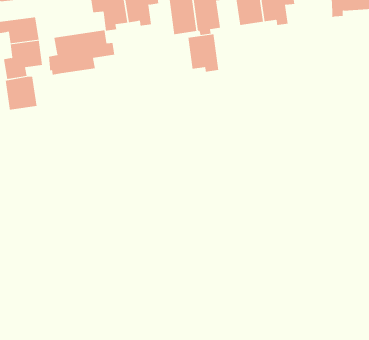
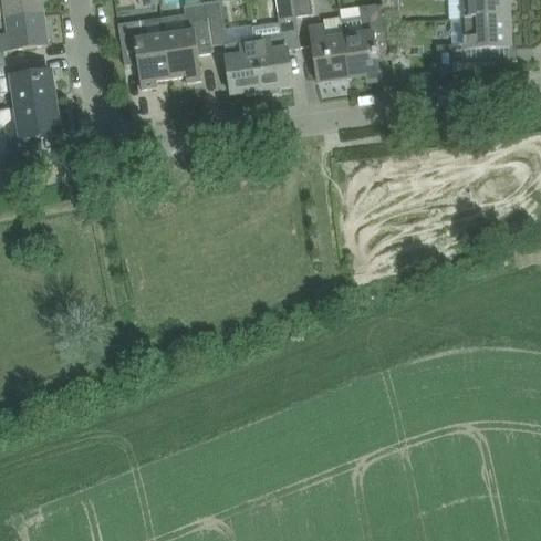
building: [48,30,115,76] -> none
building: [188,34,219,72] -> none
building: [5,76,37,110] -> none

